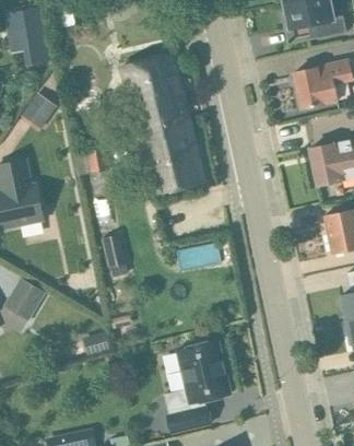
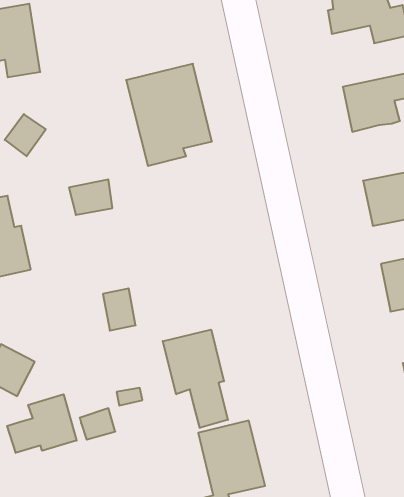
building: [137,116,204,193] -> none
building: none -> [163,330,228,428]
building: none -> [7,394,77,453]

